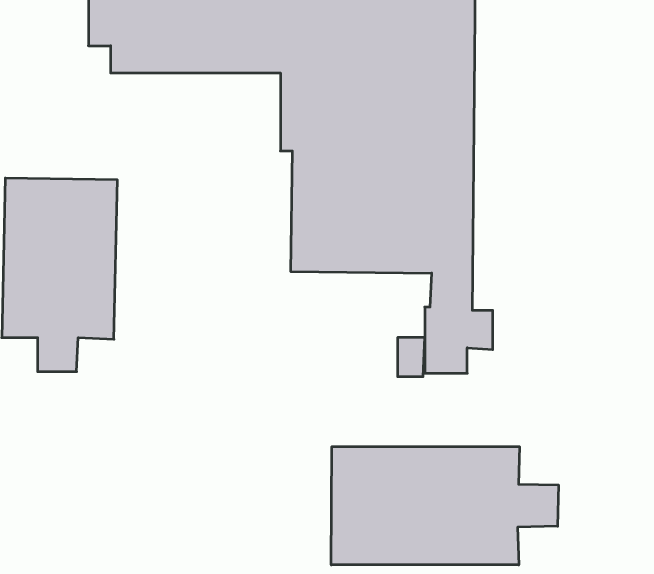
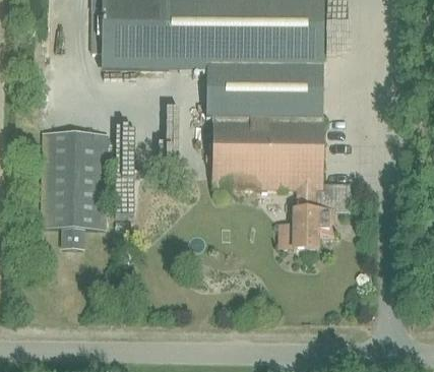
building: [331,447,558,565] -> none

